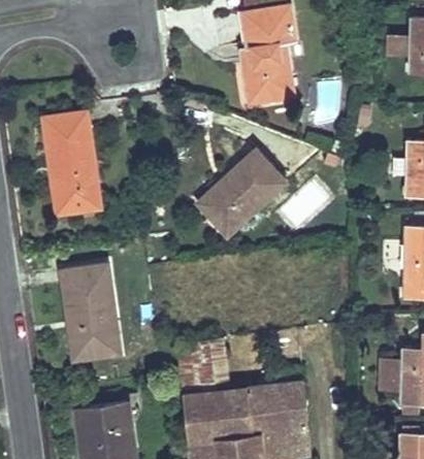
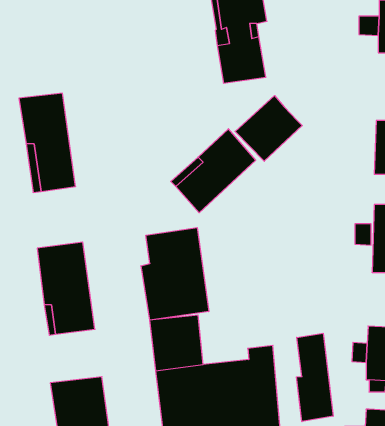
building: none -> [235,96,302,161]
building: none -> [141,228,209,320]
building: none -> [297,333,333,422]

